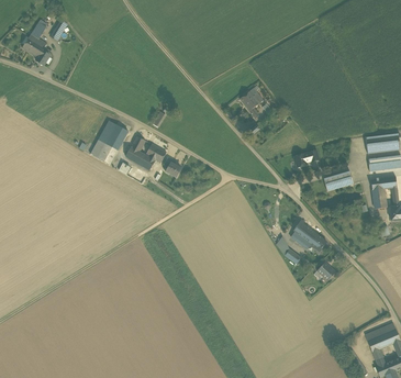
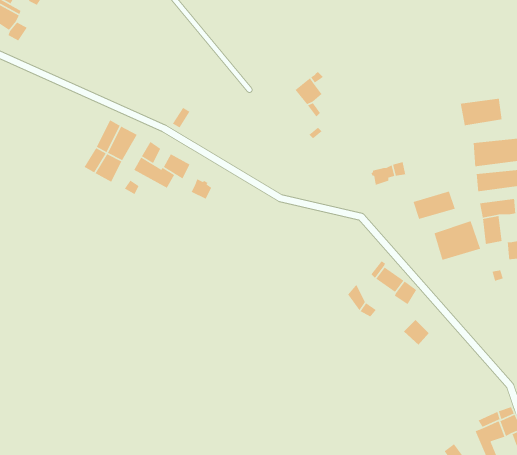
building: none -> [460,98,502,126]
building: none -> [434,220,481,261]

